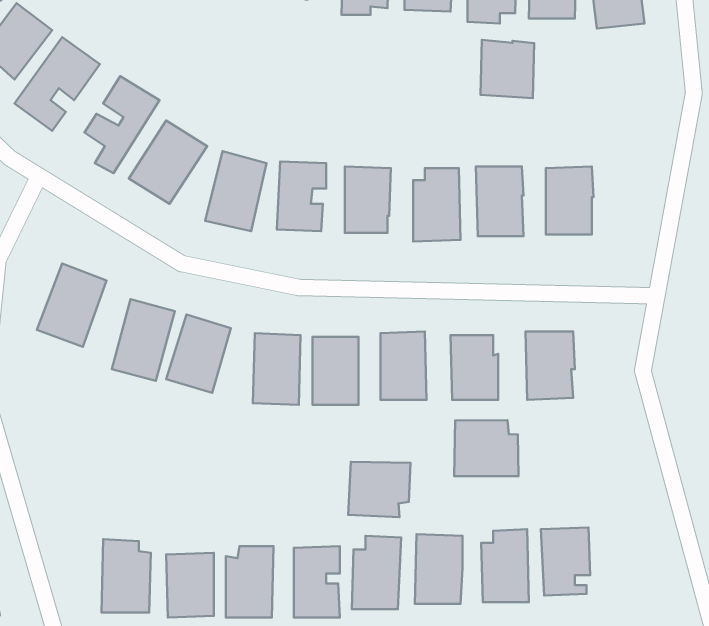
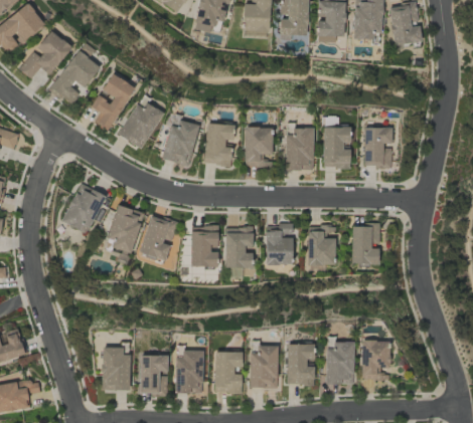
building: [480,40,534,98] -> none
building: [454,420,519,476] -> none
building: [348,462,411,517] -> none

